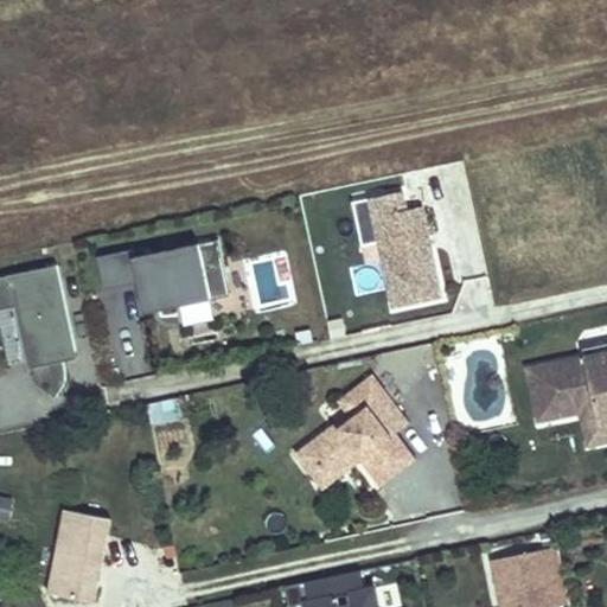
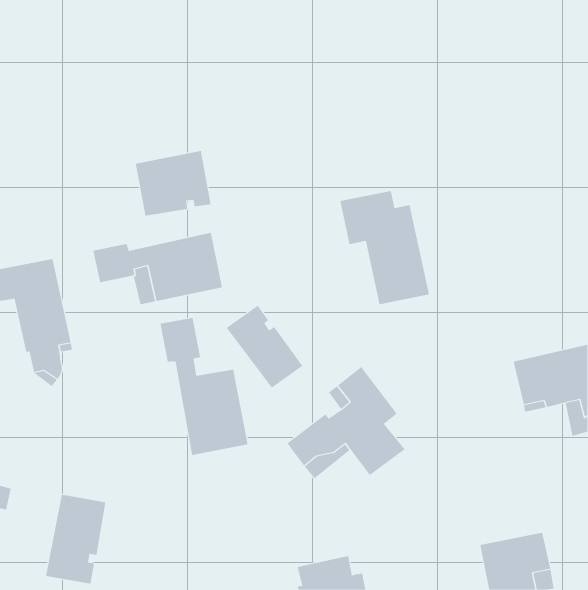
building: none -> [135,150,211,217]
building: none -> [226,305,303,389]
building: none -> [160,317,248,456]

